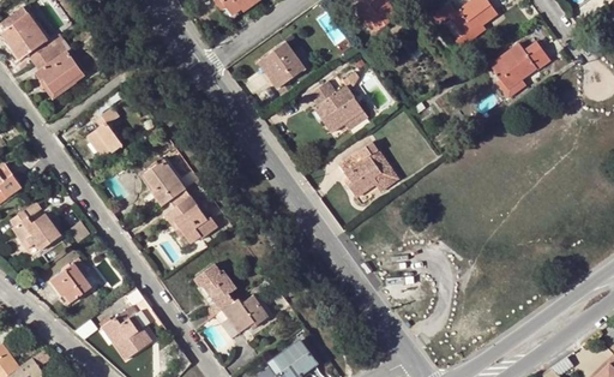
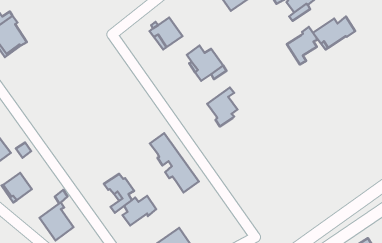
building: none -> [287,27,317,64]
building: [85,108,121,157] -> none
building: [369,150,398,192] -> none
building: [143,161,212,245] -> [150,133,199,192]

